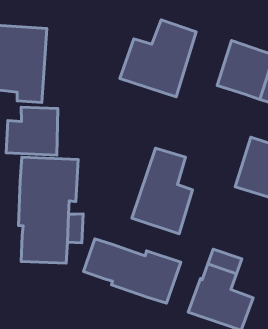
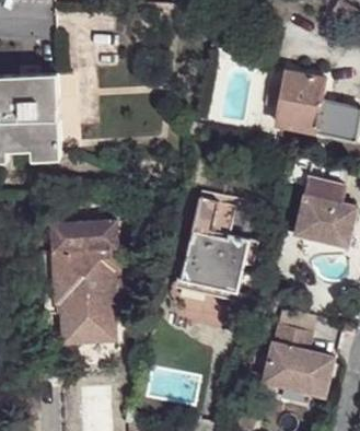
building: [120,20,196,97] -> none
building: [6,107,58,155] -> none
building: [84,239,181,303] -> none

